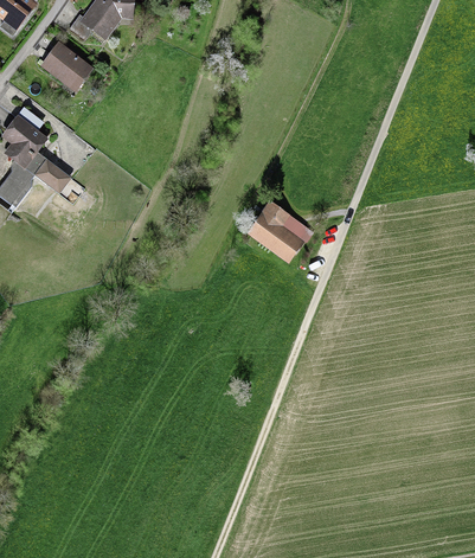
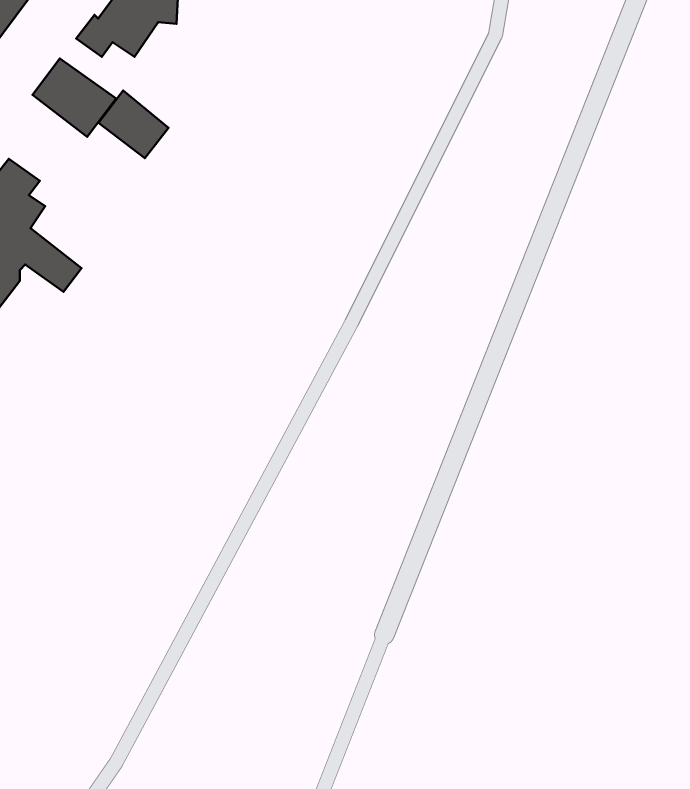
building: none -> [98,91,168,158]
building: [246,200,312,262] -> none

